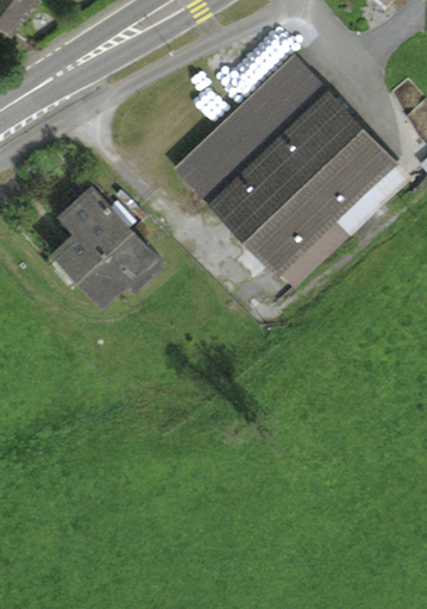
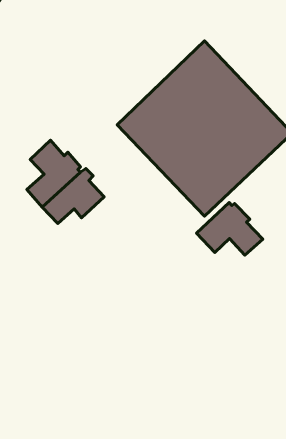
building: none -> [197,202,263,255]

